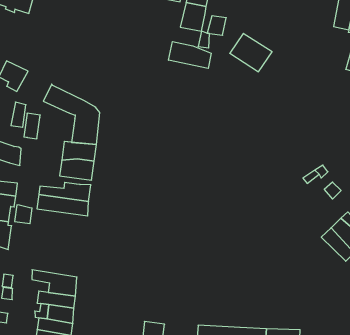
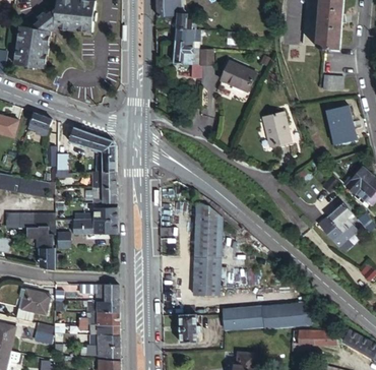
building: [169,42,211,68] -> none
building: none -> [262,111,290,144]
building: none -> [193,203,220,295]

